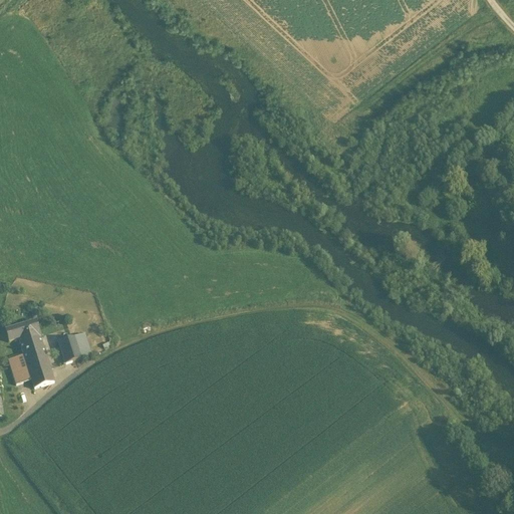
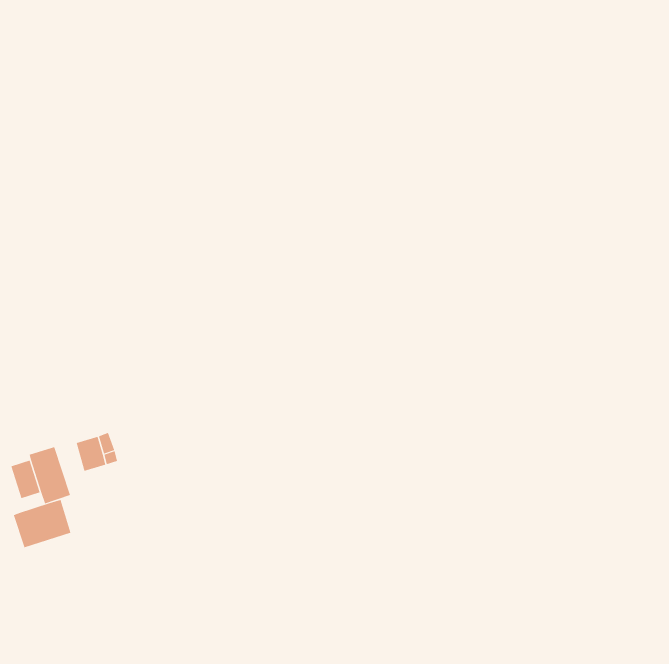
building: [5,318,42,348] -> none
building: none -> [13,499,71,548]

